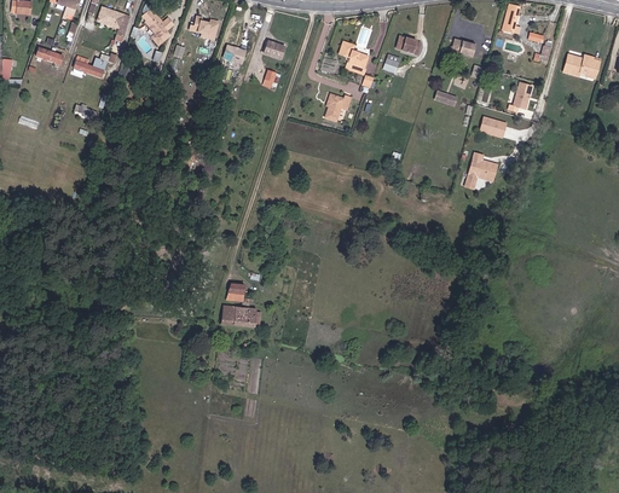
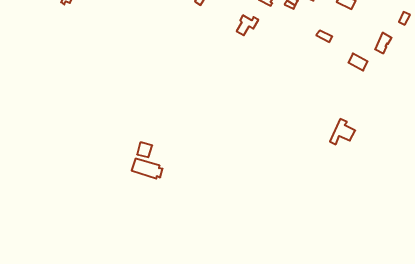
building: [465,152,497,187] -> [330,119,355,144]

